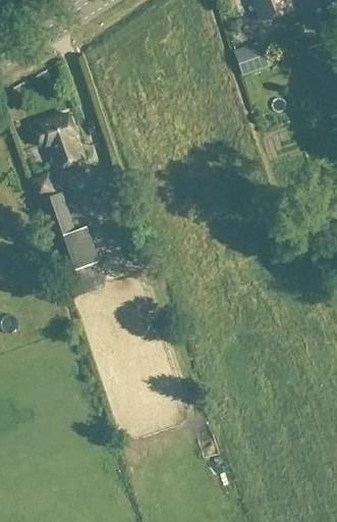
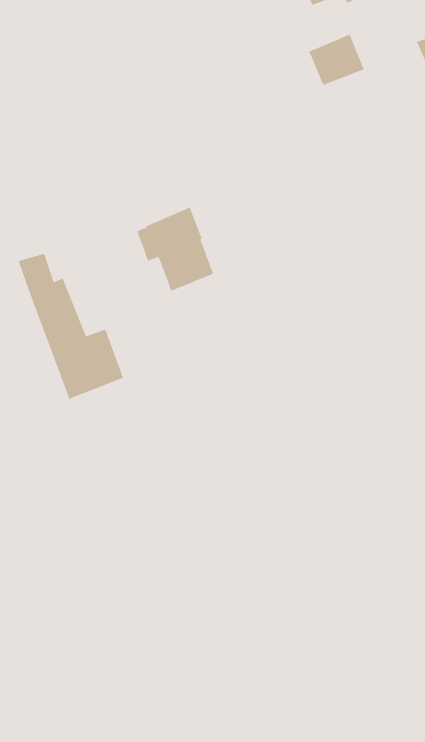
building: [35,110,85,166] -> [137,207,214,292]

